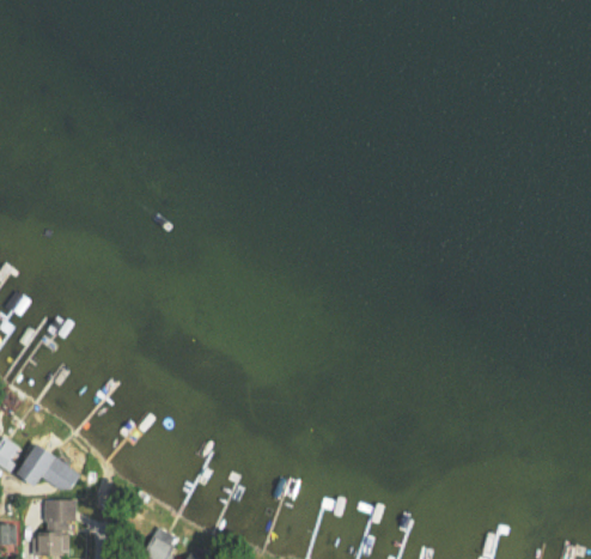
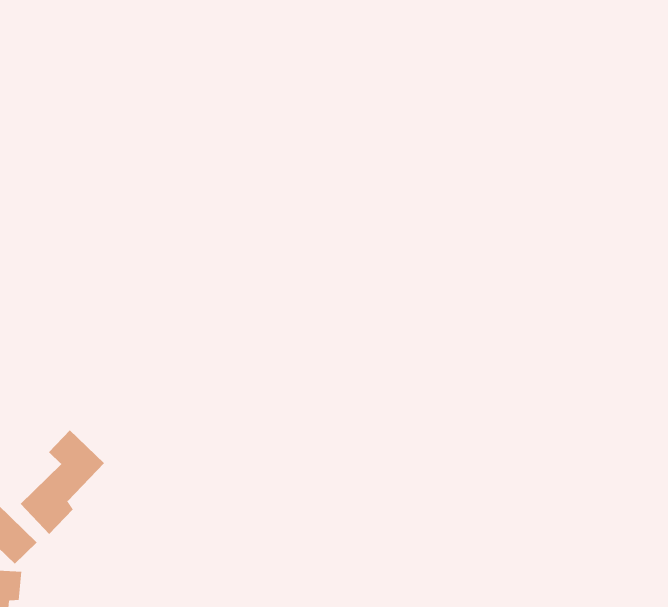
building: none -> [20,429,105,535]

